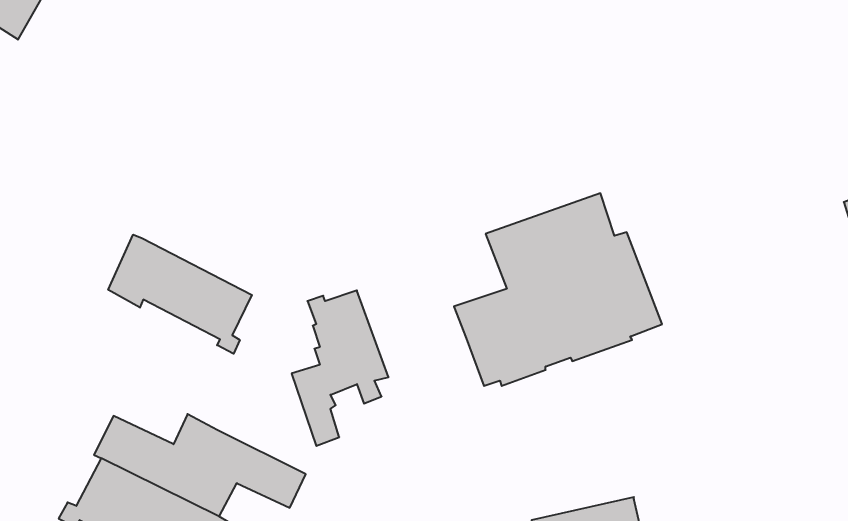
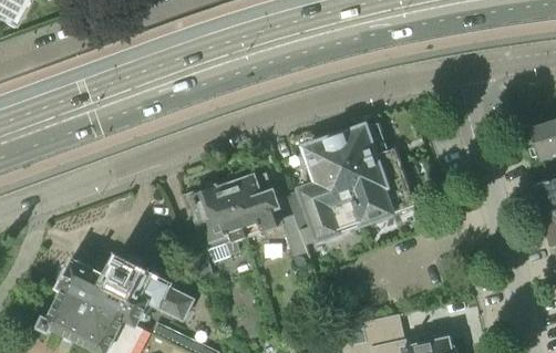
building: [108,235,252,354] -> none
building: none -> [225,173,308,257]

